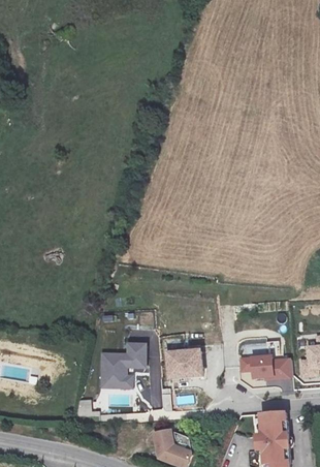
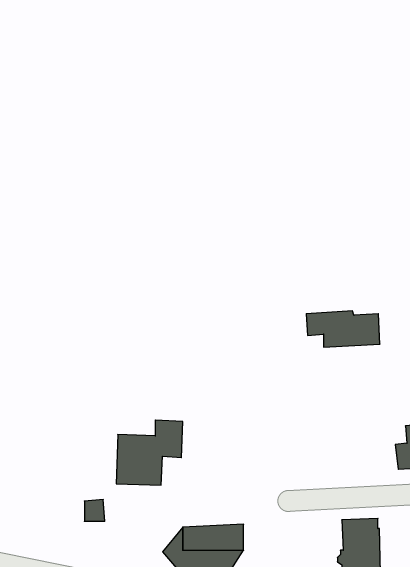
building: [167,350,203,379] -> none
building: [239,355,292,381] -> [306,311,380,347]

